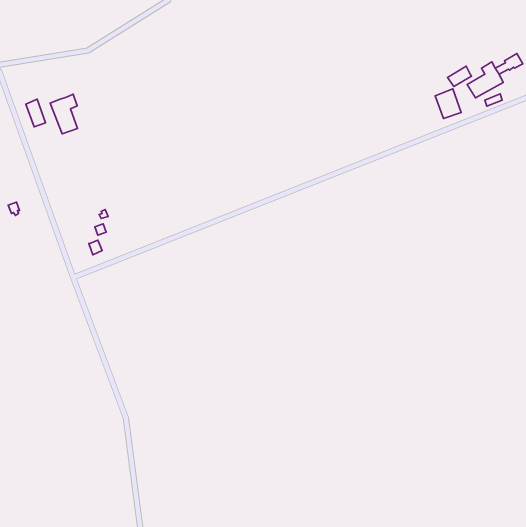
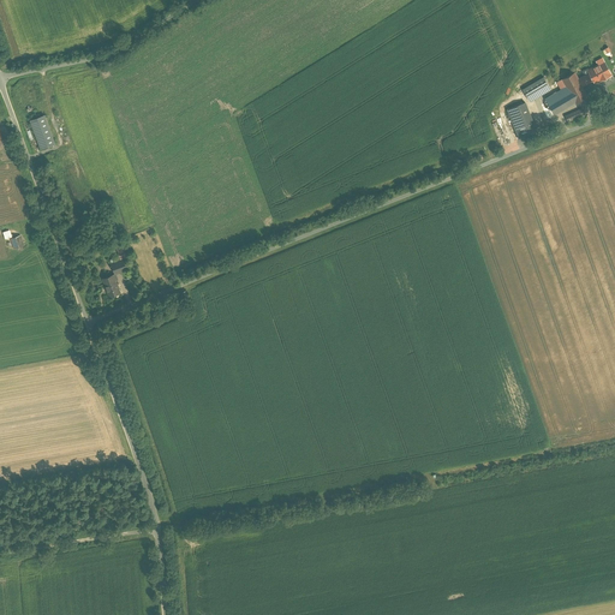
building: [50,94,78,134] -> none

